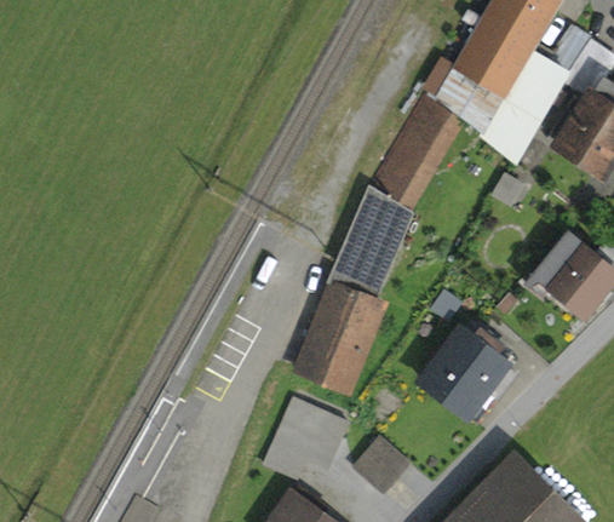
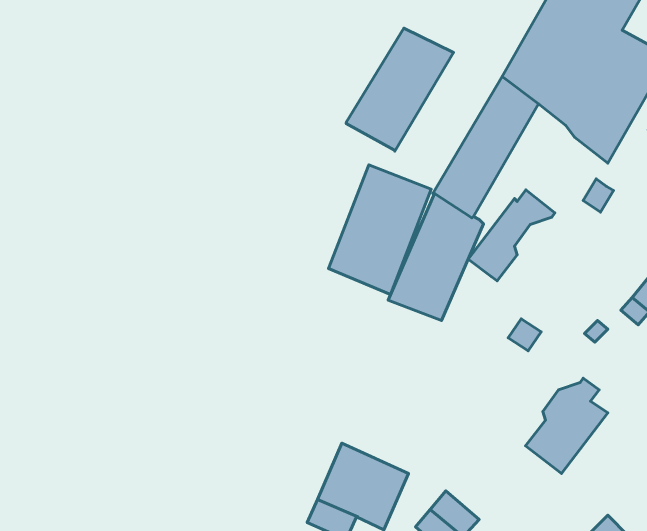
building: none -> [346,28,453,151]
building: [294,283,380,392] -> [328,165,431,295]
building: [423,323,495,400] -> [468,190,555,281]

